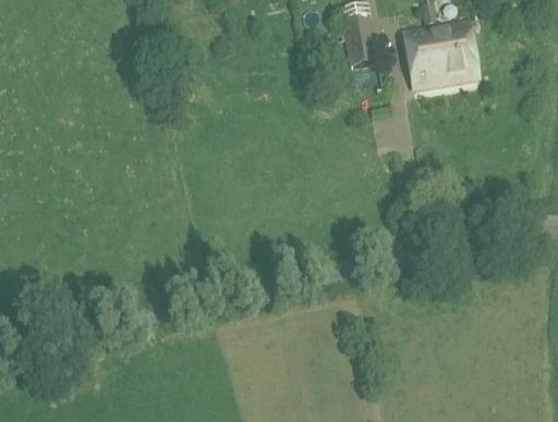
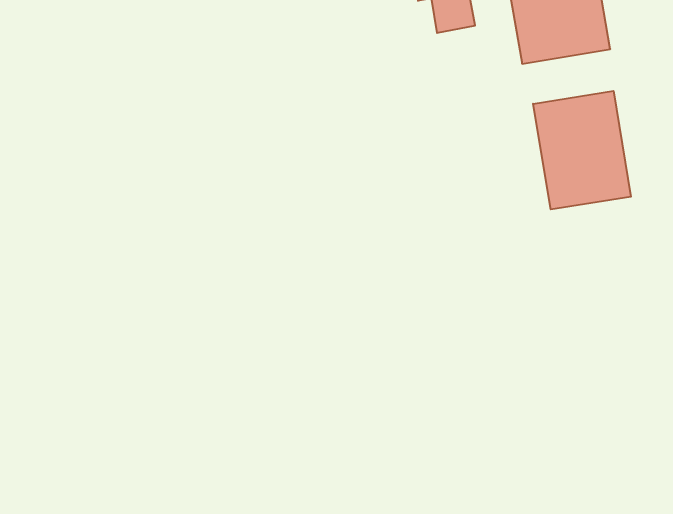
building: none -> [533,91,631,209]

